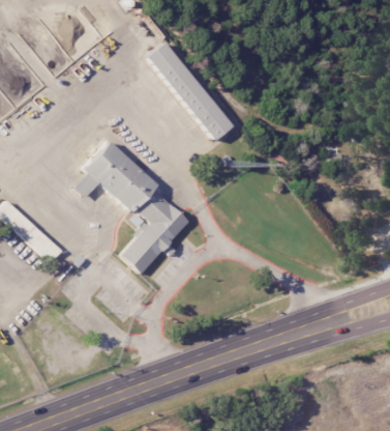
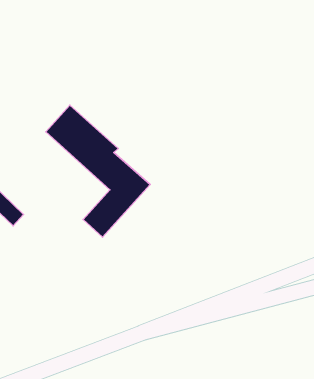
building: [147,41,231,140] -> none

